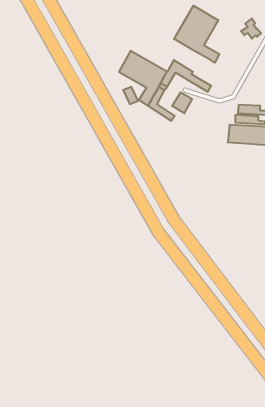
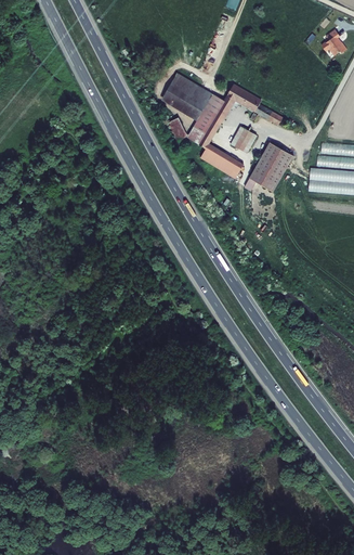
building: [174,6,219,63] -> none
building: none -> [248,142,292,192]

